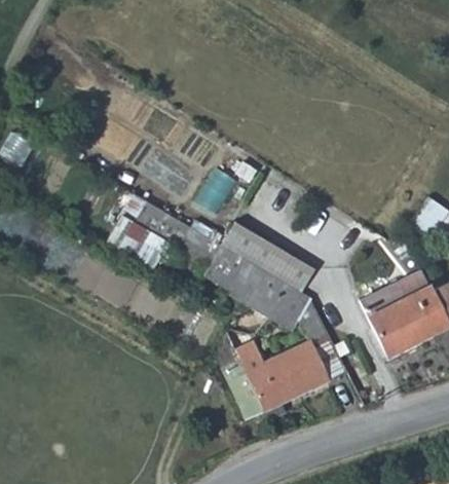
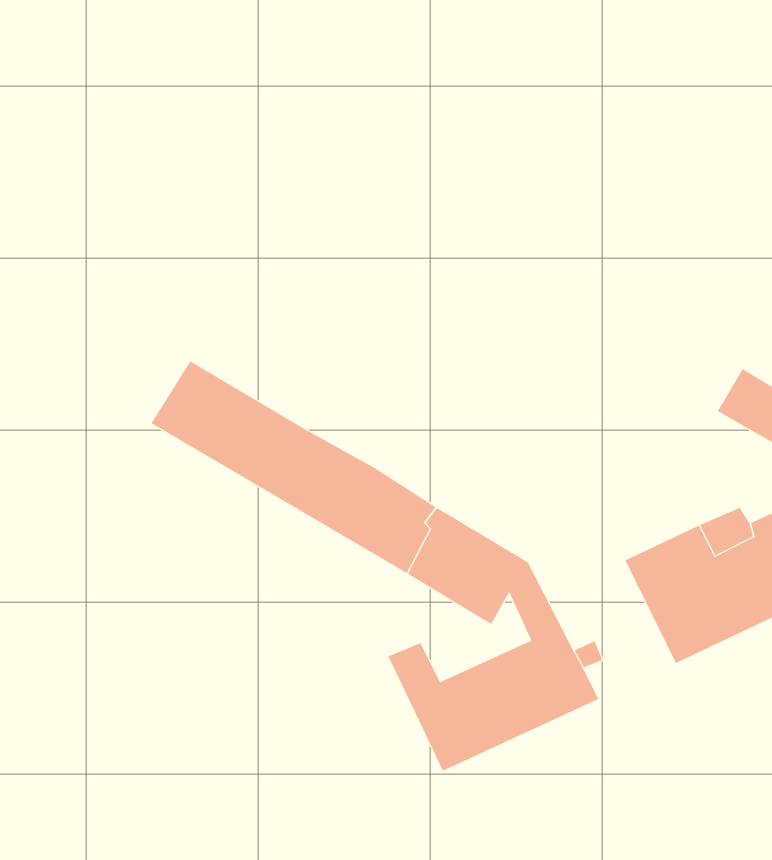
building: [230,229,322,299] -> none

